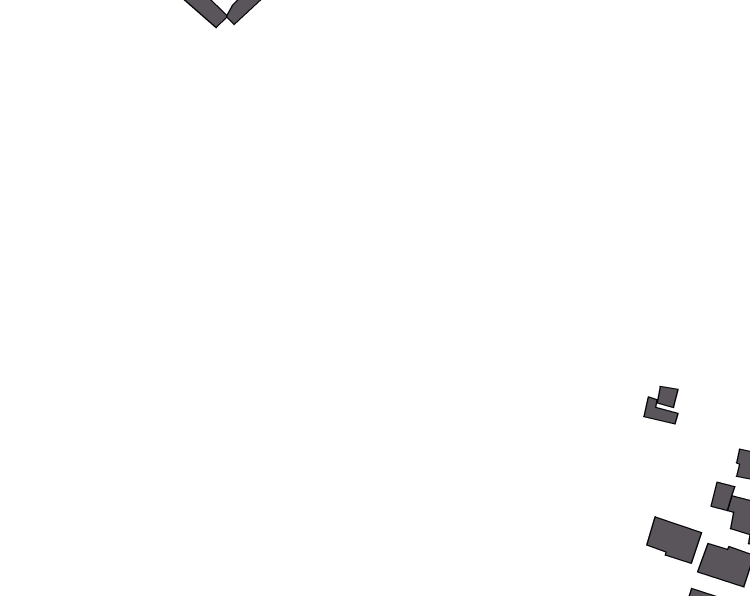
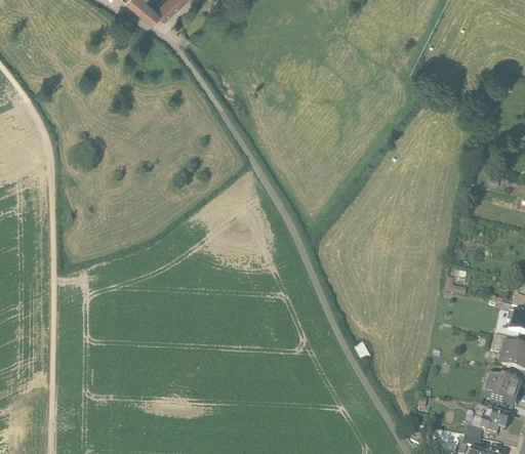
building: [647,517,702,563] -> none

